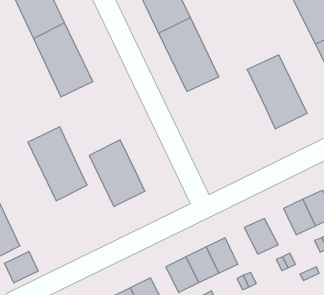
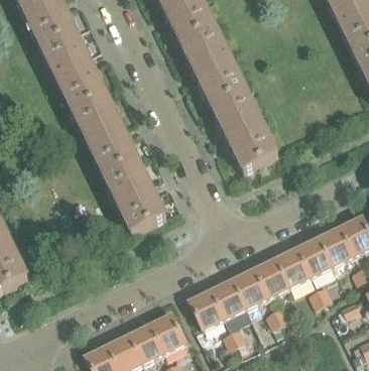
building: [247,55,307,129] -> [212,92,278,173]
building: [28,127,87,201] -> [73,97,138,178]
building: none -> [297,237,333,277]
building: none -> [254,258,290,298]
building: [4,251,38,283] -> none

